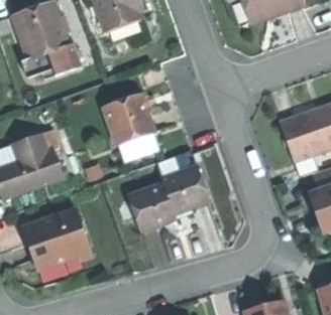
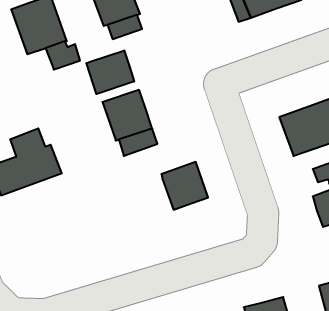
building: none -> [86,50,134,94]
building: [128,182,175,228] -> none
building: [22,207,89,262] -> none

